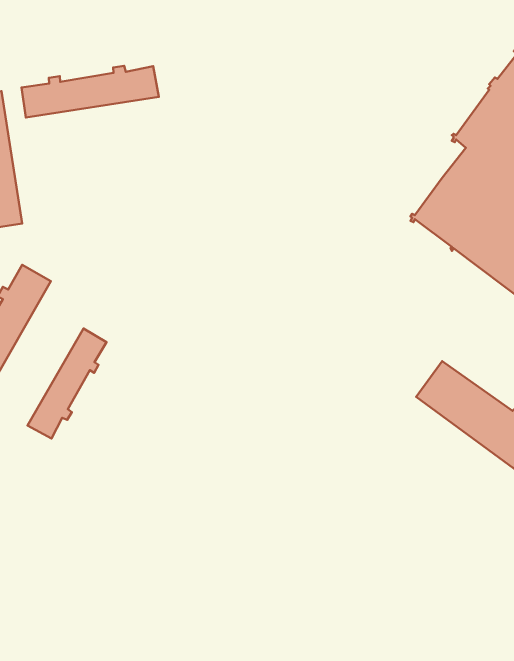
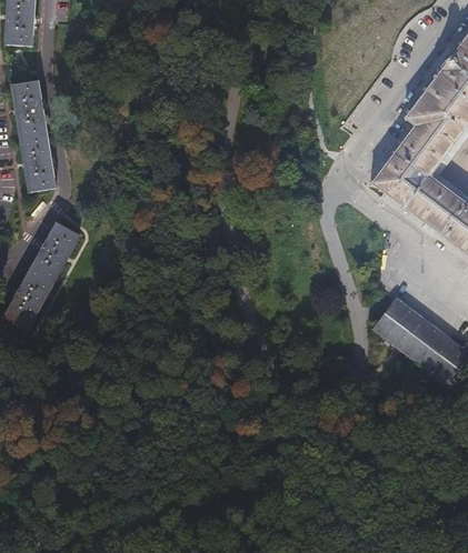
building: [21,66,159,118] -> none
building: [28,329,107,438] -> none

